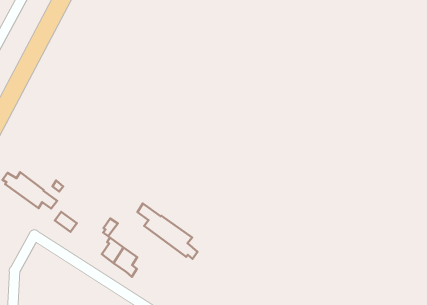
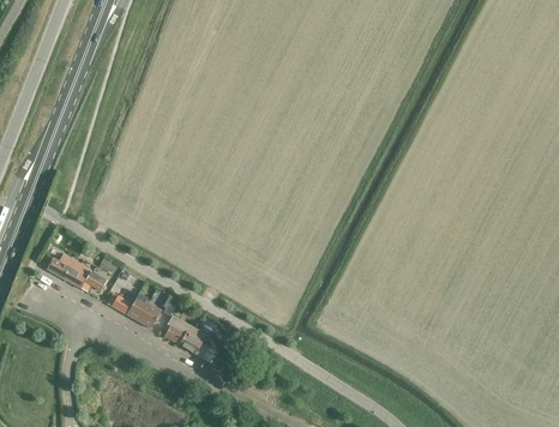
building: [137,204,198,259] -> none
building: none -> [127,293,162,327]

